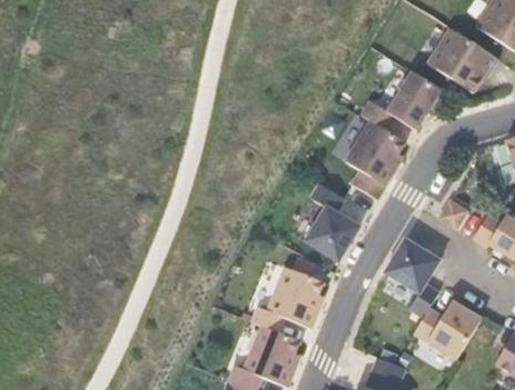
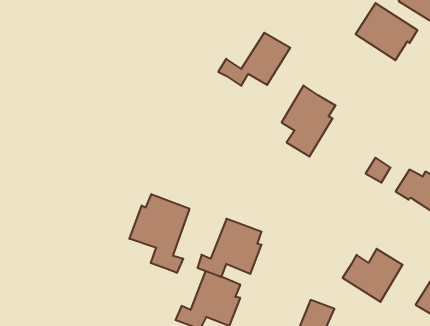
building: [362,71,442,130] -> [218,33,290,86]
building: [305,182,360,261] -> none
building: [385,238,440,317] -> none
building: none -> [129,194,189,273]

